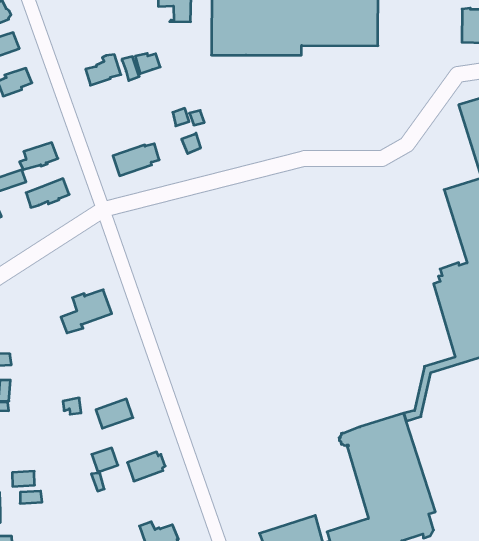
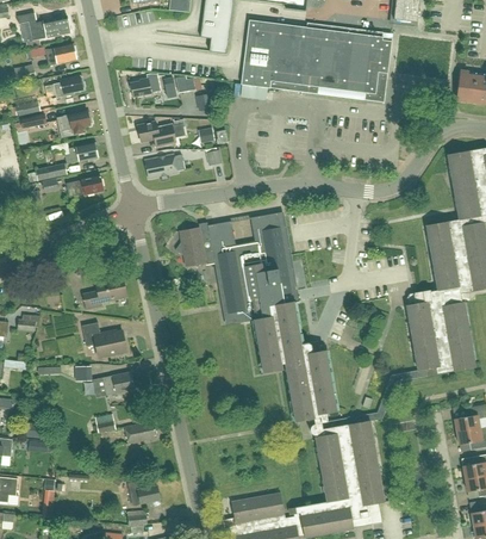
building: none -> [57,110,92,134]
building: none -> [138,122,183,145]
building: none -> [179,213,337,425]
building: none -> [82,322,127,357]

